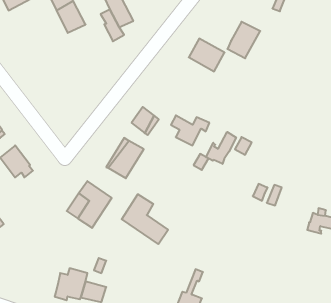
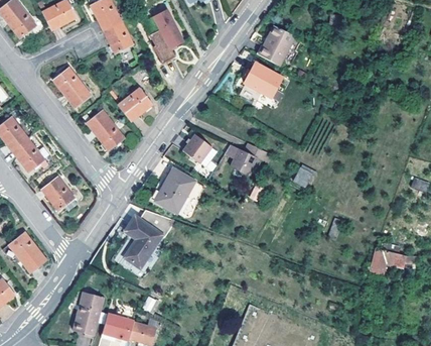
building: [227,22,260,58] -> [259,24,294,64]
building: none -> [53,67,91,108]
building: none -> [119,89,152,121]
building: none -> [87,110,125,150]
building: [206,132,236,164] -> none
building: [122,194,168,244] -> none
building: none -> [74,292,107,335]

